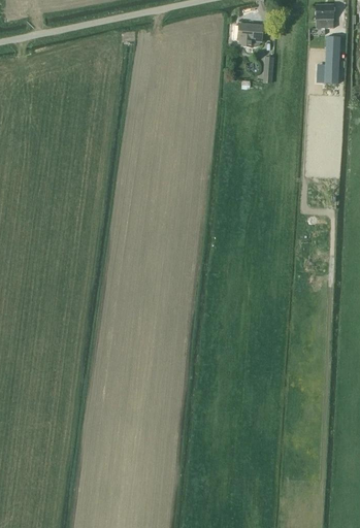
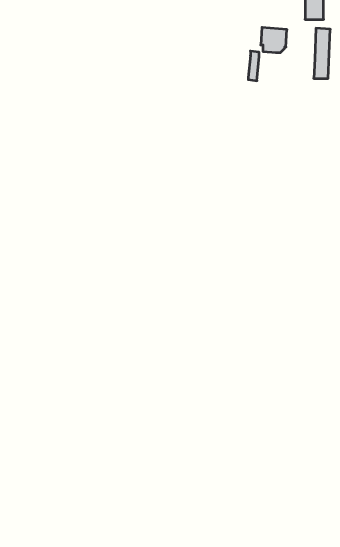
building: [237,23,262,46] -> [261,27,287,53]

